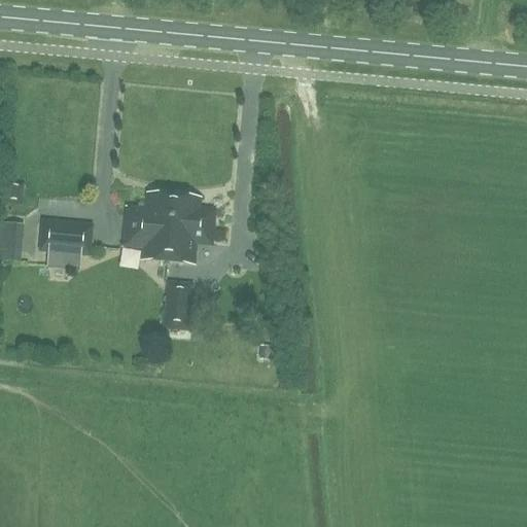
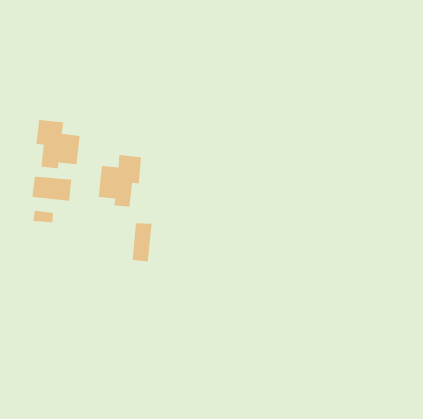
building: none -> [36,119,81,169]
building: [162,195,212,259] -> none

